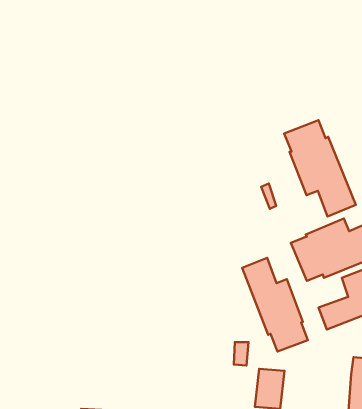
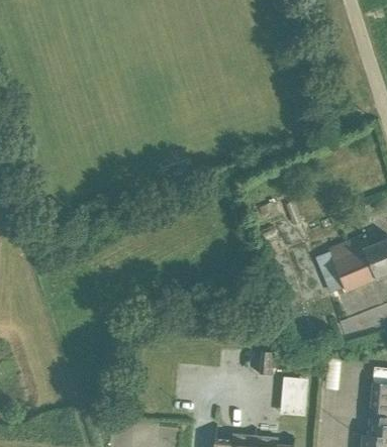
building: [284,120,356,216] -> none
building: [242,258,308,351] -> none

